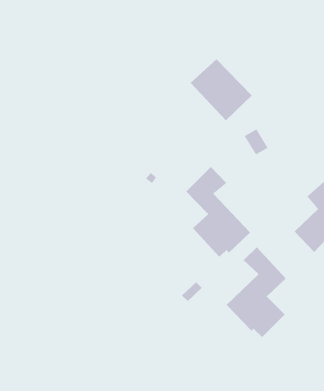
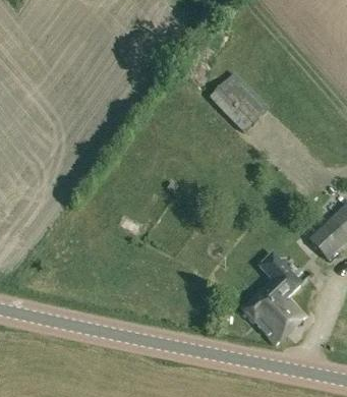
building: [186,166,251,257] -> none

